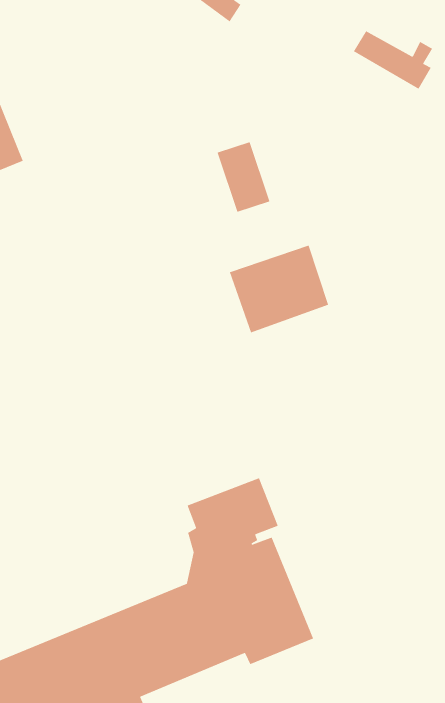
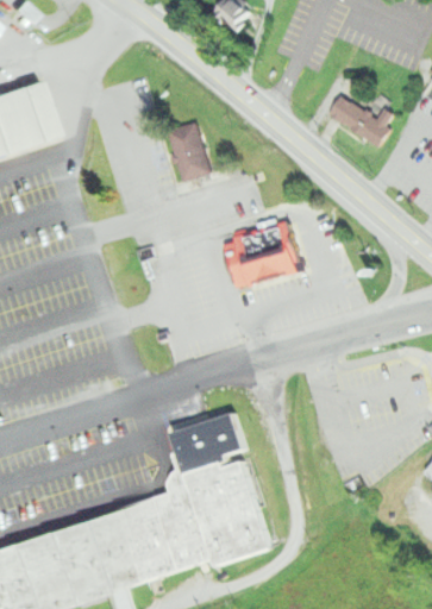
building: [353,30,433,90] -> [328,96,395,149]
building: [217,141,270,213] -> [167,125,208,183]

